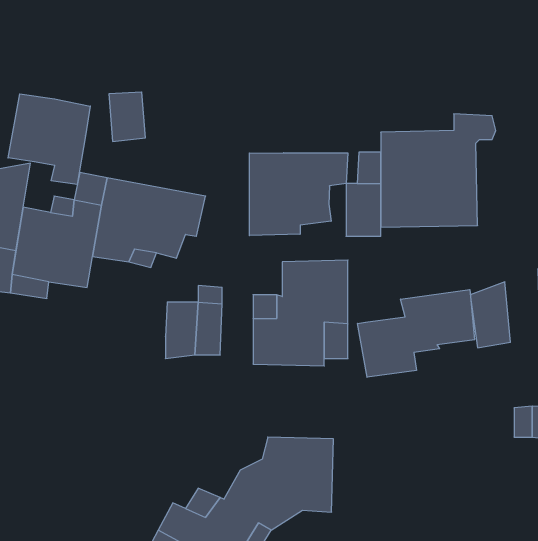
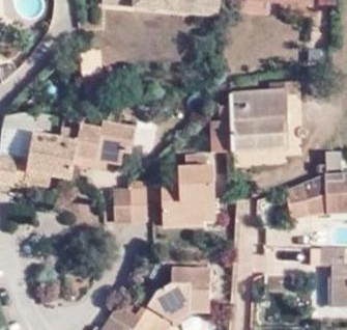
building: [8,94,90,185] -> none
building: [249,153,348,236] -> none
building: [358,290,475,377] -> none

